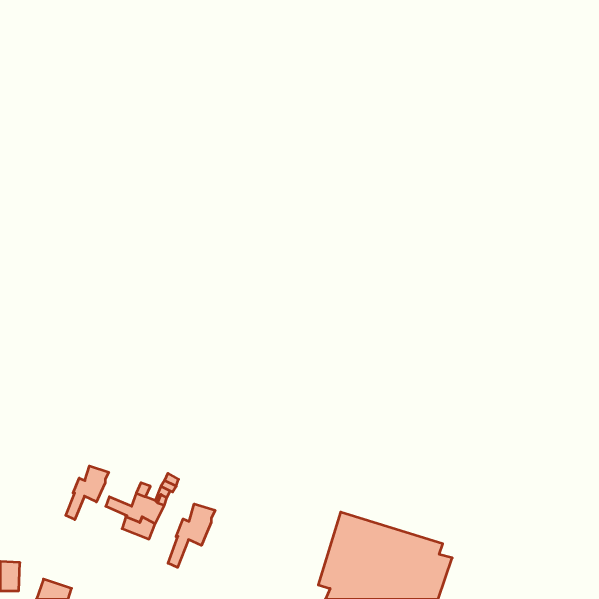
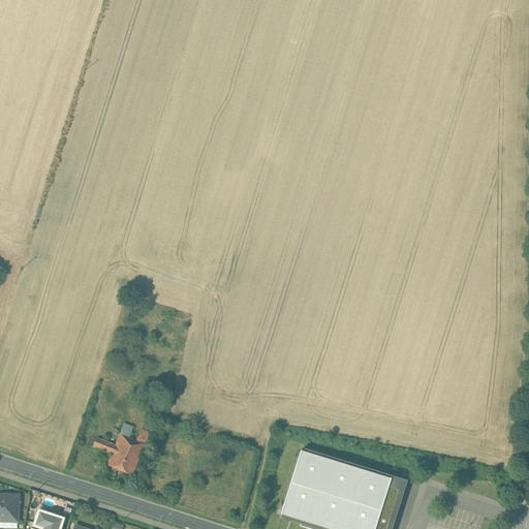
building: [66,466,109,520] -> none
building: [168,504,215,567] -> none

